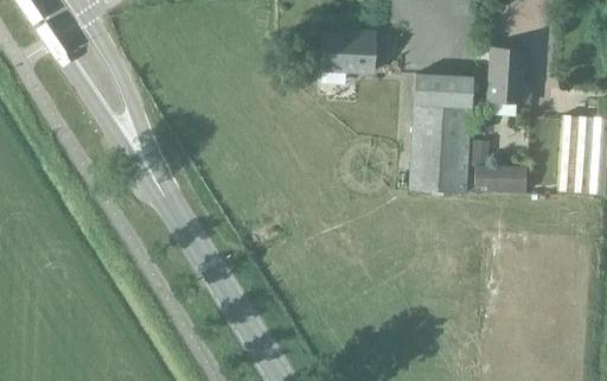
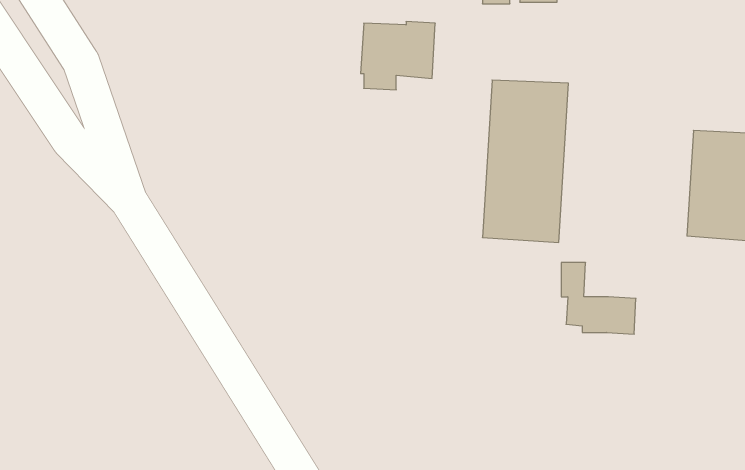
building: [487,45,532,102] -> none
building: [472,139,526,191] -> [561,263,636,334]

